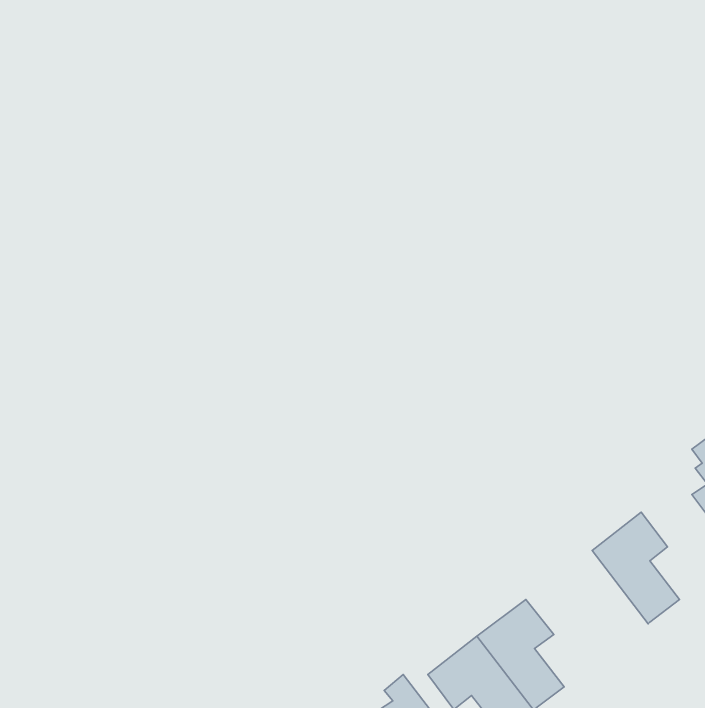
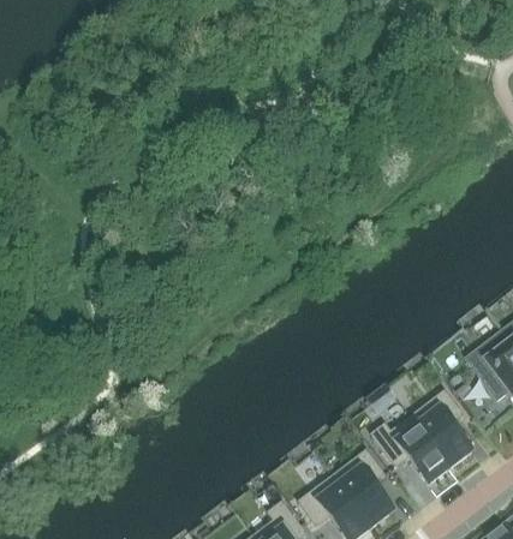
building: none -> [369,420,448,487]

